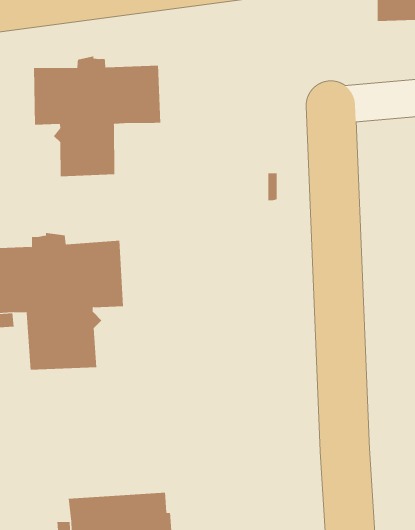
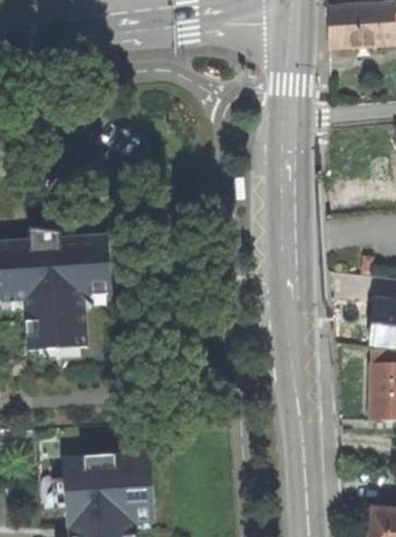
building: [33,56,161,177] -> none

